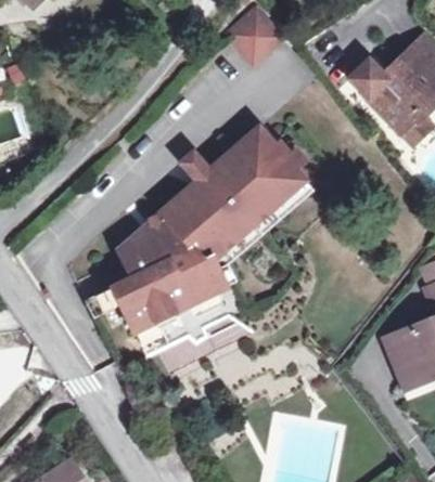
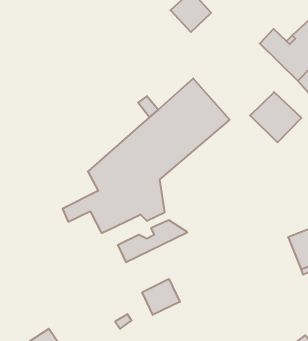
building: none -> [250,92,301,142]
building: none -> [142,279,180,315]

